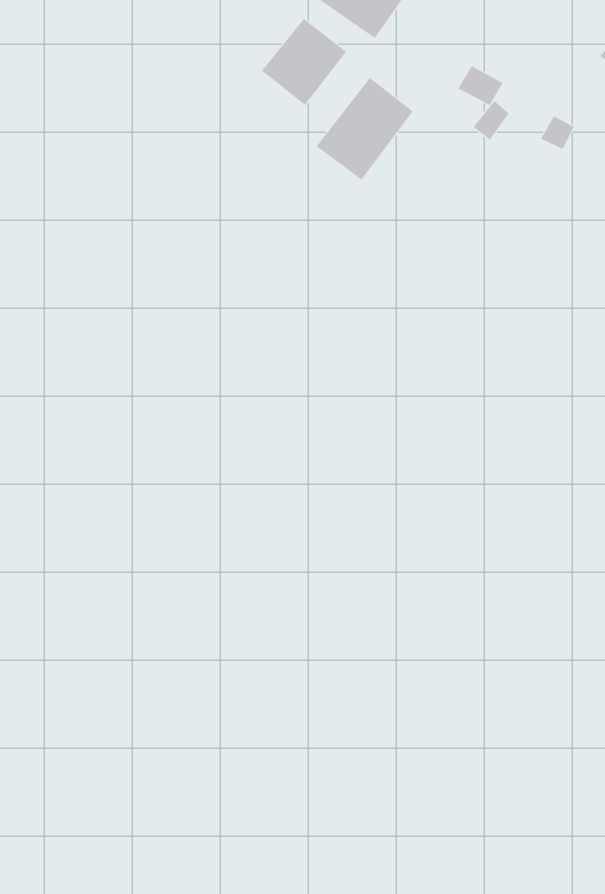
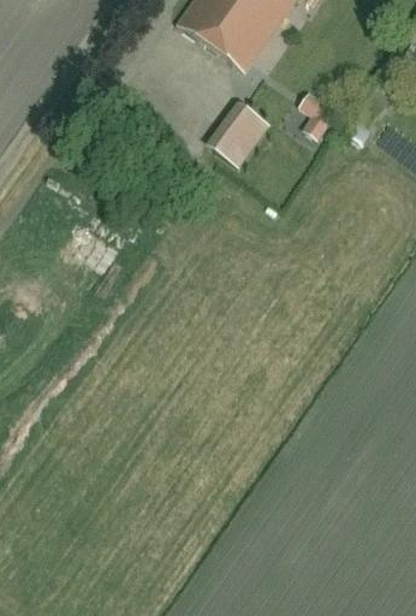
building: [261,18,347,106] -> none

